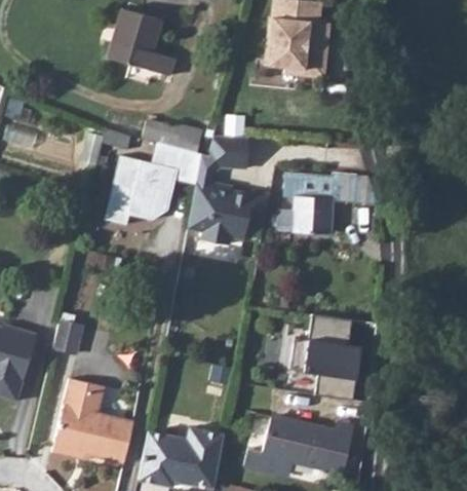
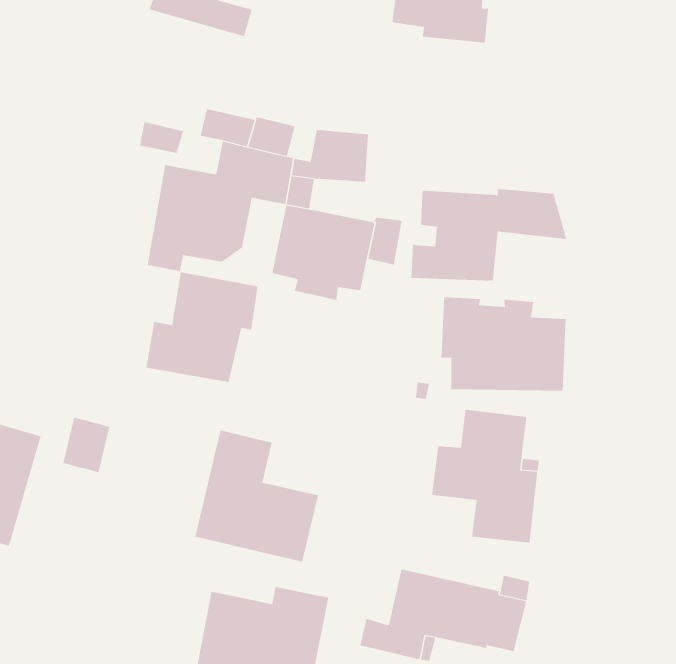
building: none -> [146,272,258,383]
building: none -> [441,296,566,392]
building: [53,379,133,464] -> [194,430,319,562]

